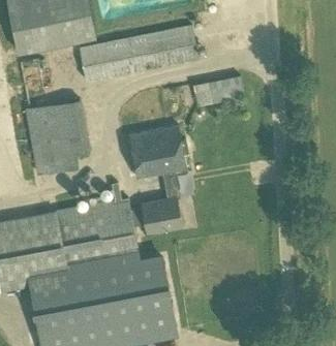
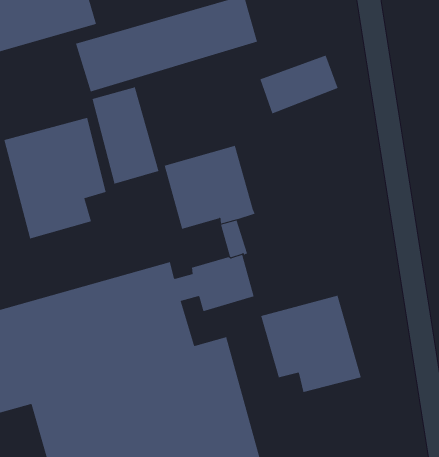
building: none -> [92,86,159,185]
building: none -> [260,295,361,393]

